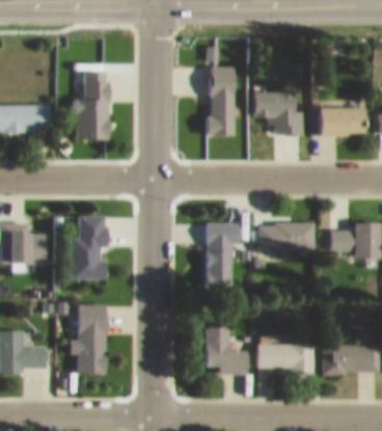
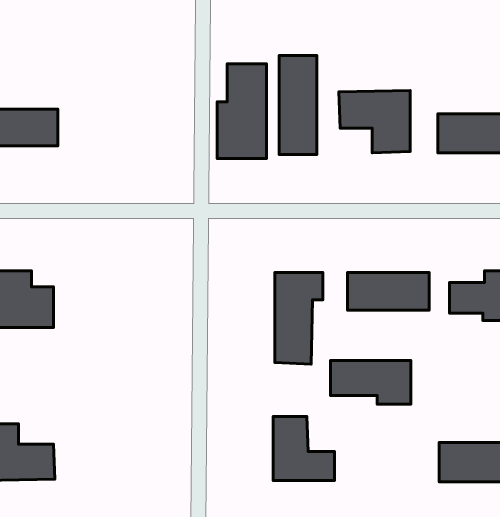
building: [74,74,109,141] -> [217,64,267,159]
building: [71,214,107,276] -> none
building: [73,303,106,372] -> none
building: [256,343,313,374] -> [331,361,411,404]

